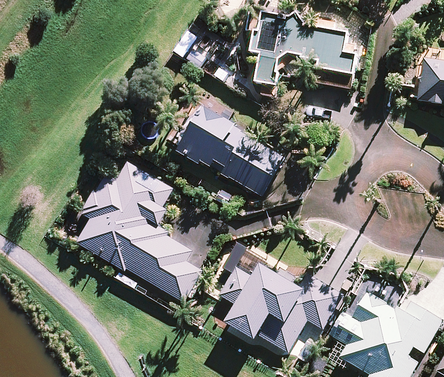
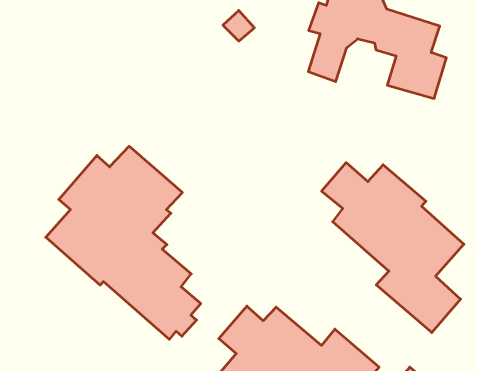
building: [176,106,284,195] -> none
building: none -> [322,163,464,333]

